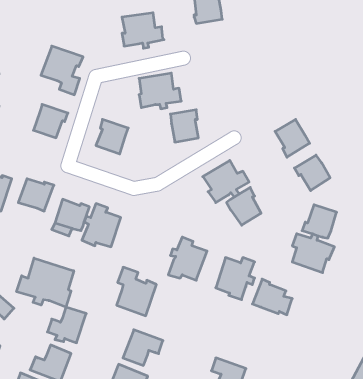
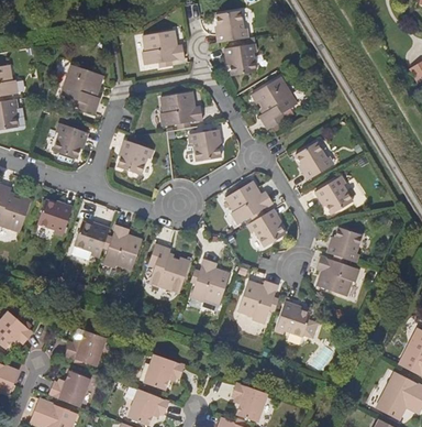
building: none -> [225,43,256,75]
building: none -> [252,75,298,128]
building: [17,258,74,307] -> none
building: [117,267,156,316] -> [149,243,190,293]

